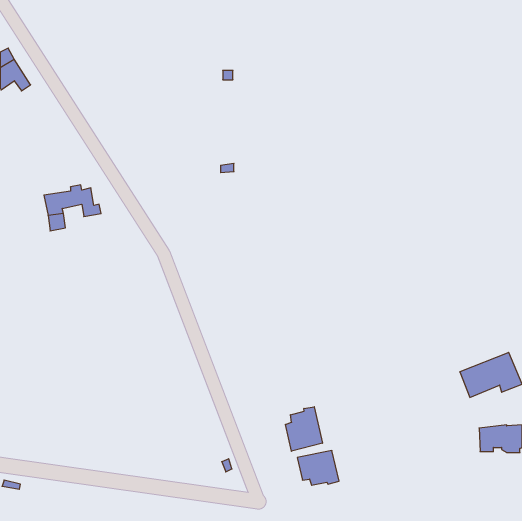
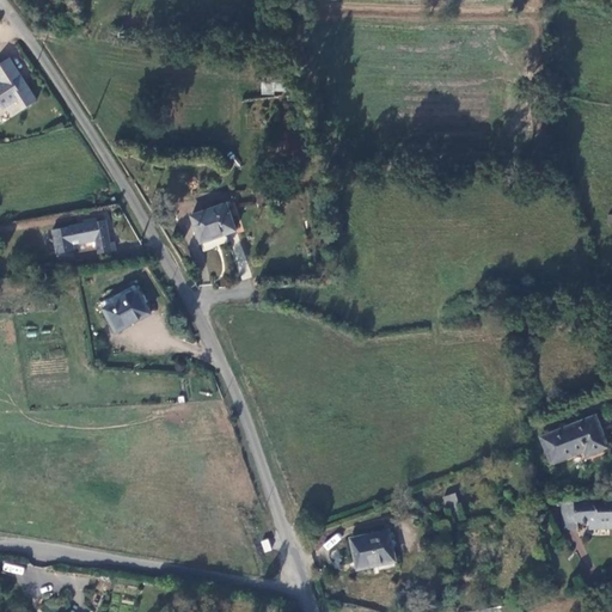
building: none -> [192,204,235,243]
building: none -> [104,290,149,331]
building: [285,407,322,451] -> none

